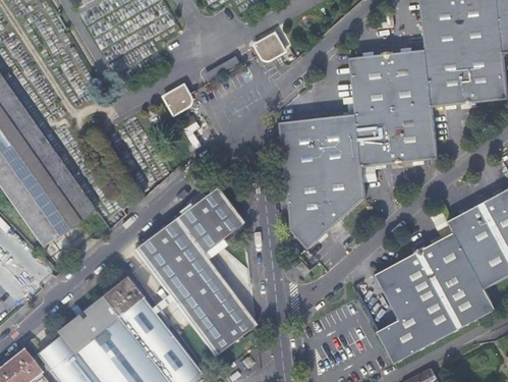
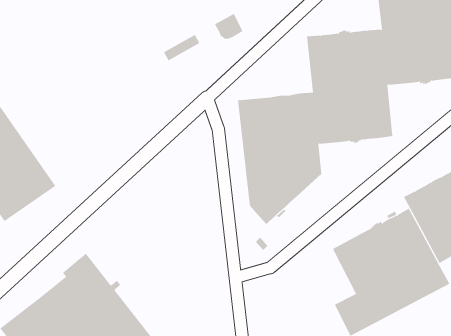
building: [165,83,192,112] -> none
building: [135,188,256,357] -> none

